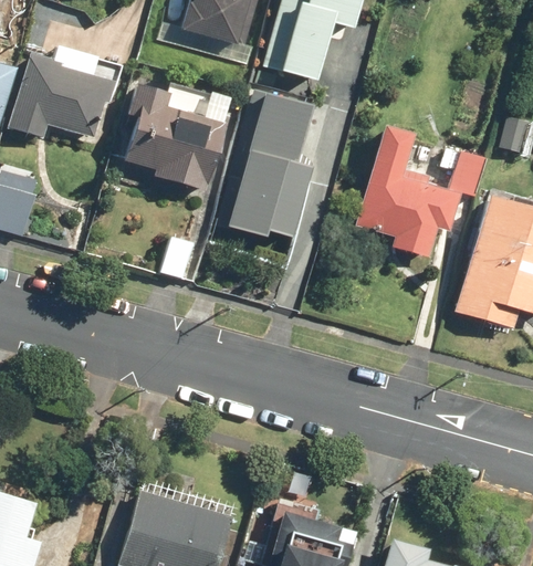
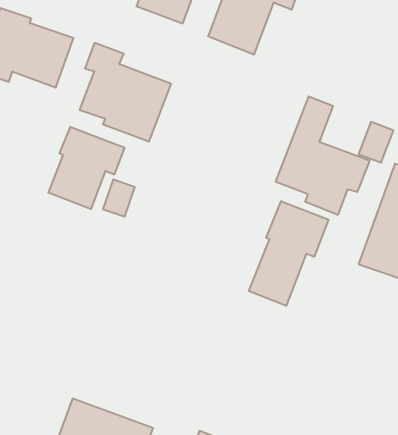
building: [219,87,317,238] -> none
building: none -> [48,127,124,209]
building: none -> [249,201,329,306]

